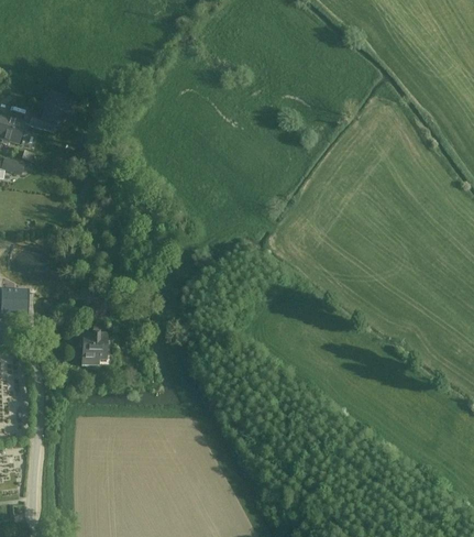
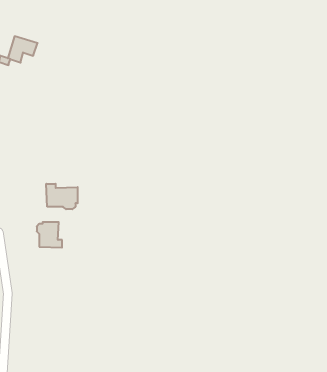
building: none -> [46,184,78,209]

